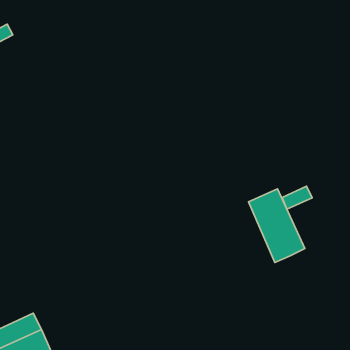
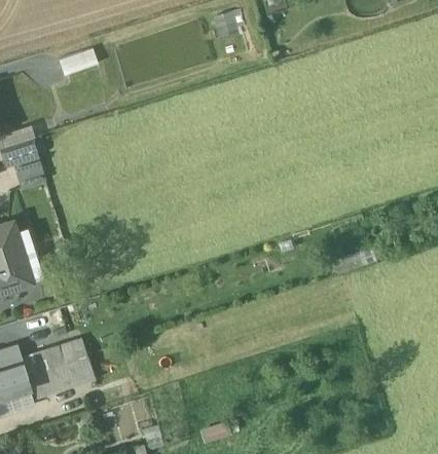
building: [249,189,305,262] -> none

